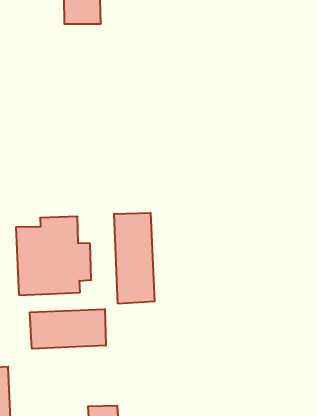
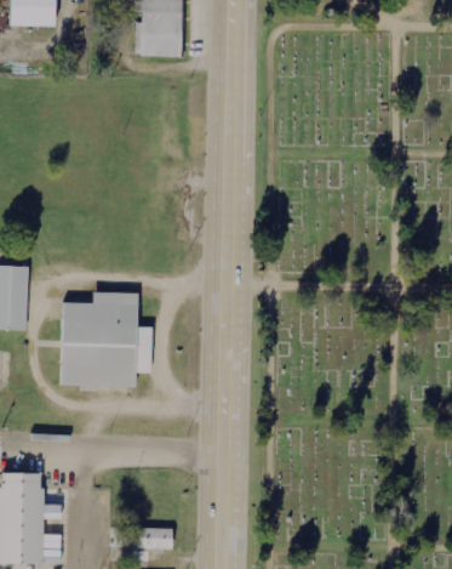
building: [114,213,154,304] -> none
building: [30,309,106,349] -> none

